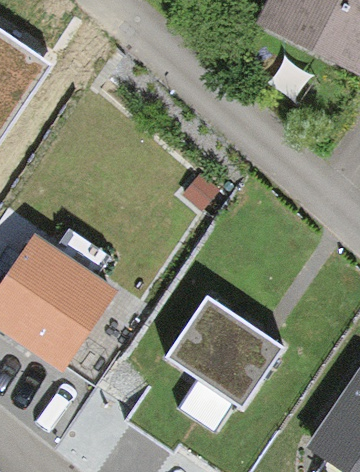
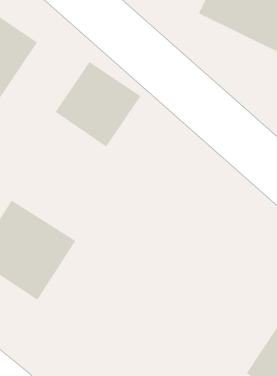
building: none -> [55,61,141,147]
building: [161,292,284,410] -> none

